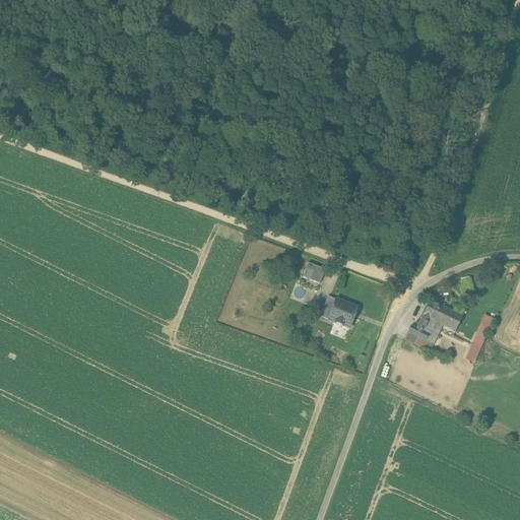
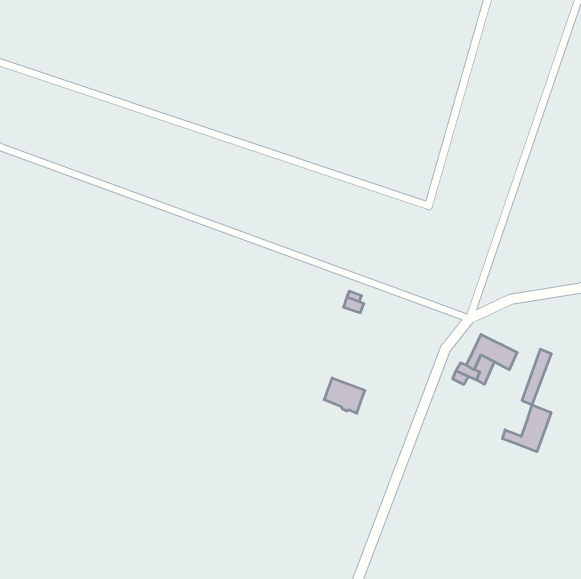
building: [320,296,356,327] -> [324,378,365,413]
building: none -> [502,405,551,452]

